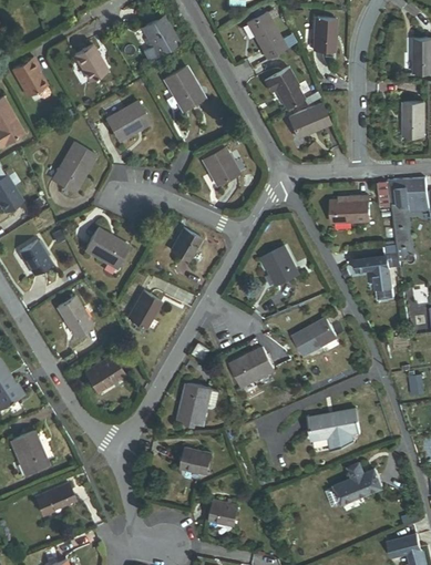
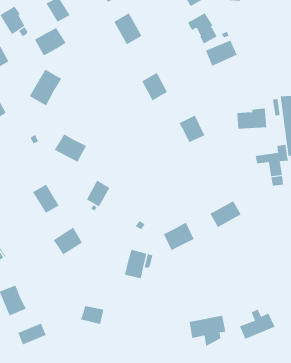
building: [106,102,150,141] -> [34,27,67,56]
building: [171,228,202,260] -> none
building: [20,242,51,275] -> none
building: [263,246,298,284] -> [179,115,205,143]
building: [309,410,359,452] -> [189,315,226,347]
building: [181,449,213,474] -> [80,305,104,324]
building: [209,501,238,525] -> none

